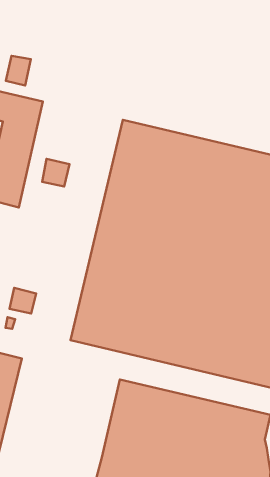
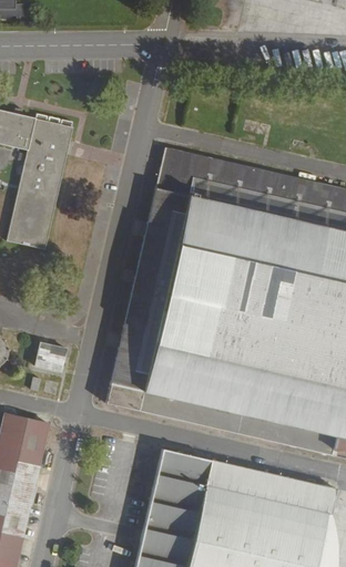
building: [6,56,31,85] -> none
building: [42,159,69,186] -> none

